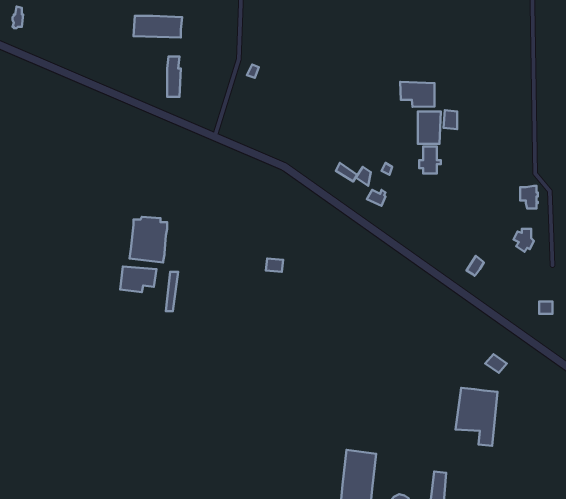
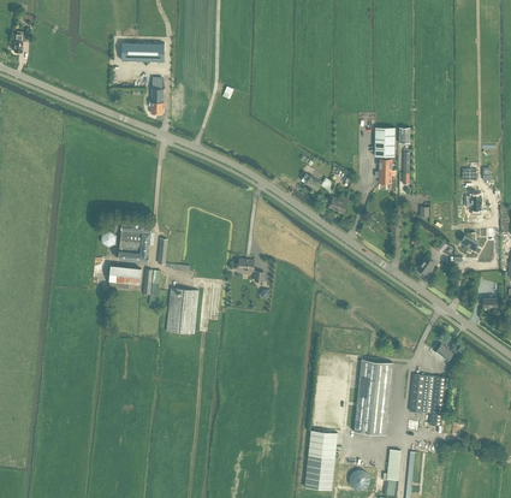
building: [400,82,435,107] -> none
building: none -> [166,287,197,333]
building: none -> [353,360,392,434]

